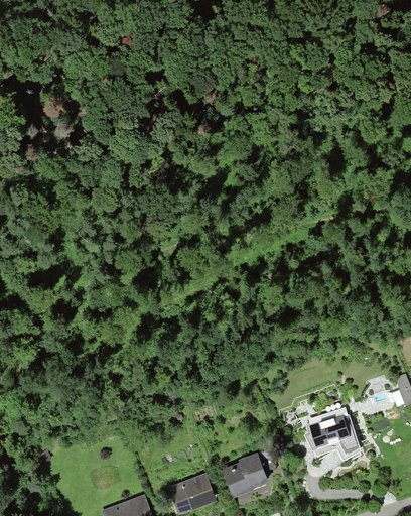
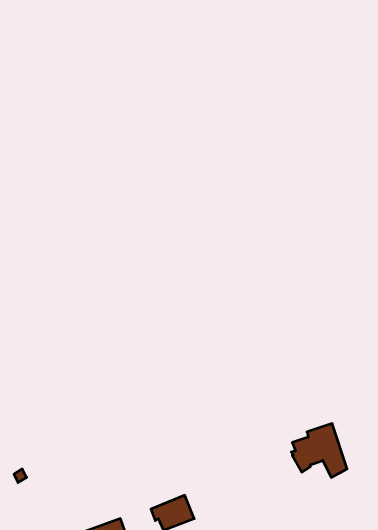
building: [223,450,274,494] -> none

